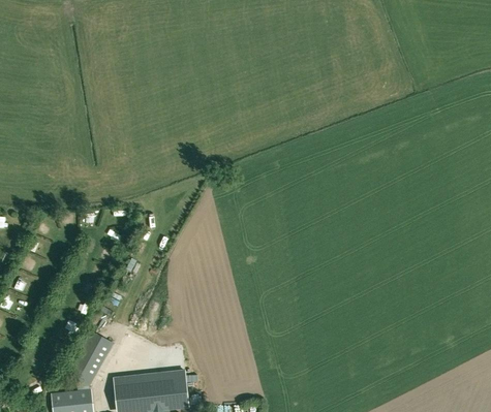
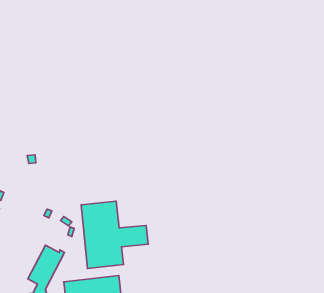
building: none -> [81,201,148,268]

